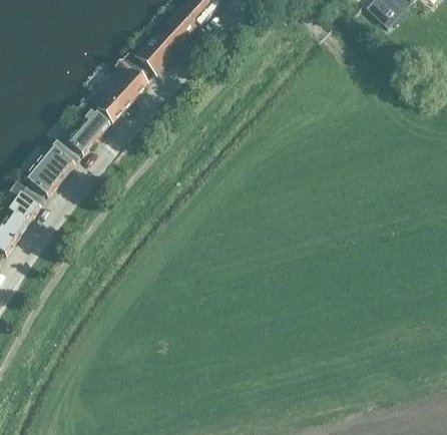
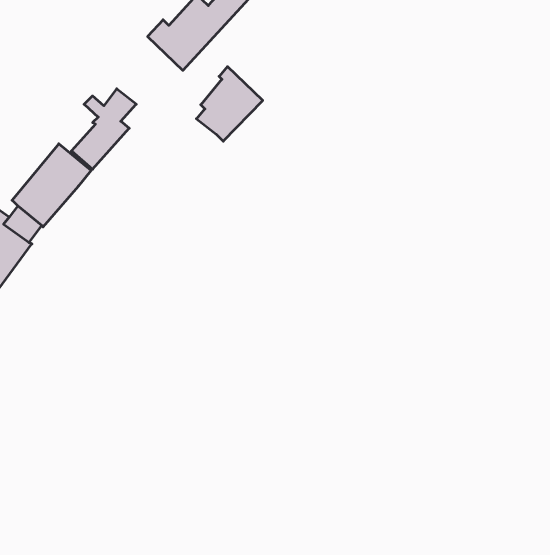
building: [98,60,145,113] -> [196,67,263,141]

